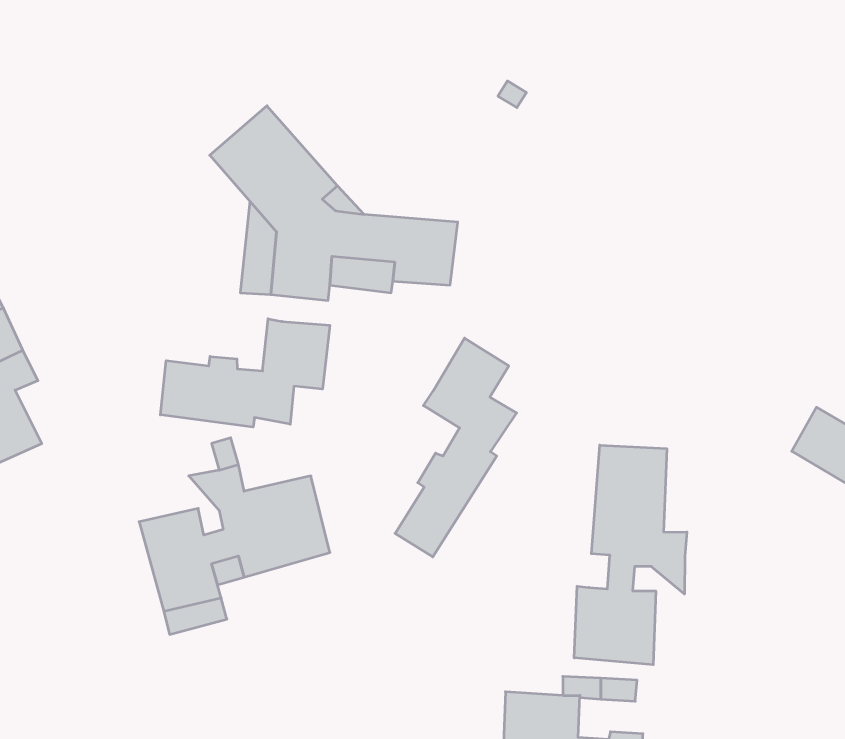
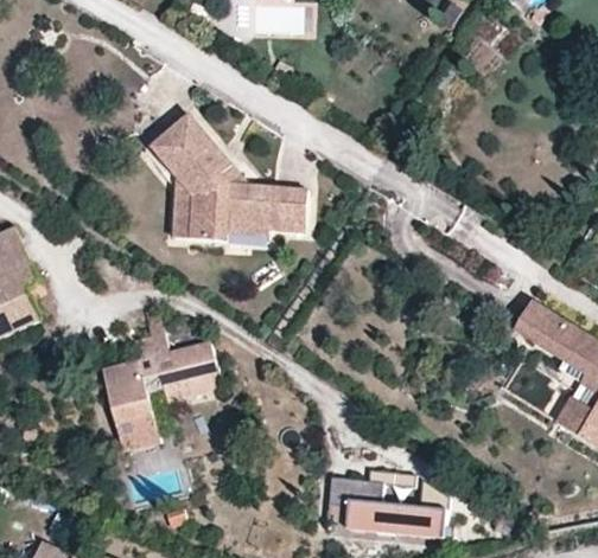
building: [160,319,330,427] -> none
building: [395,338,517,557] -> none
building: [574,445,687,665] -> none

